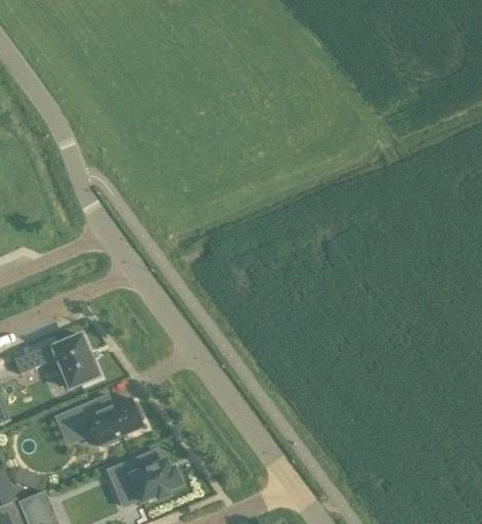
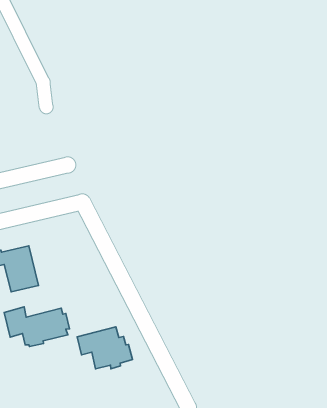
building: [114,451,180,503] -> [77,327,132,369]

